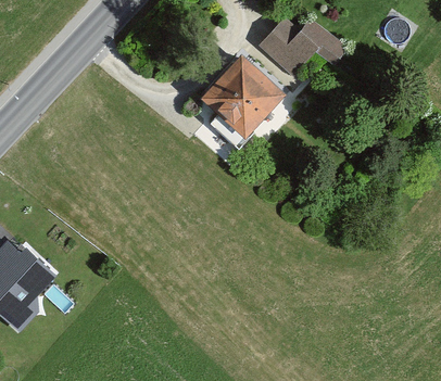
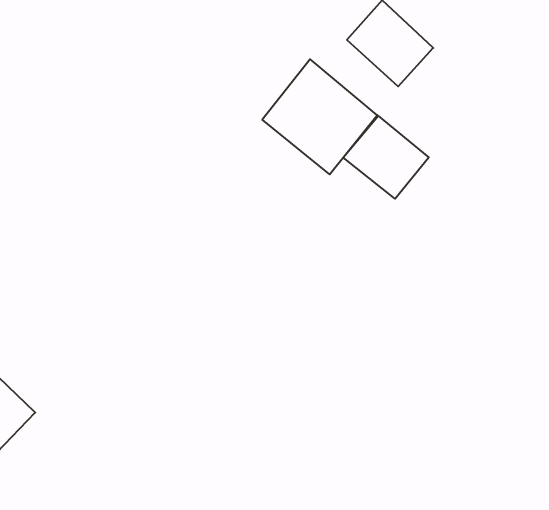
building: none -> [343,116,429,199]

